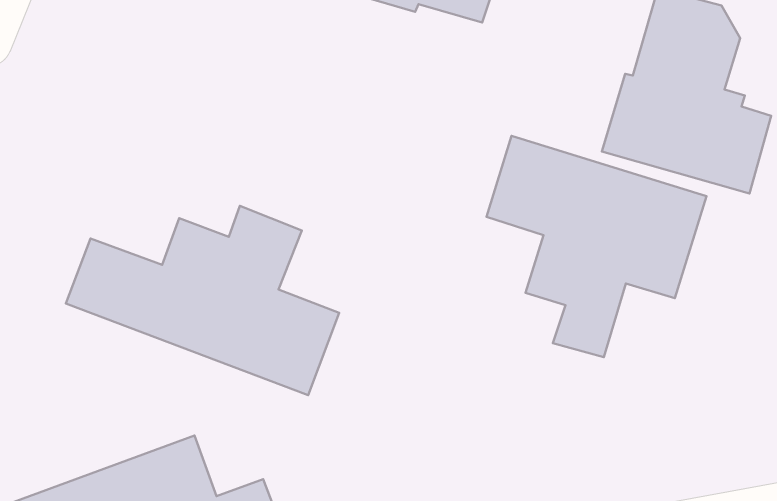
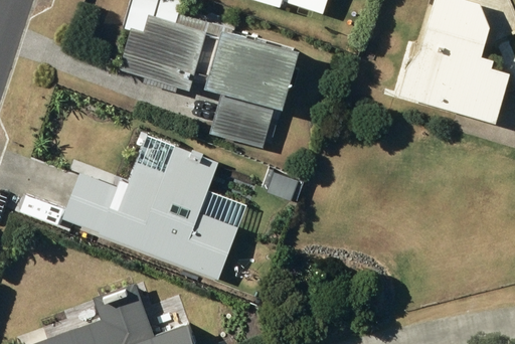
building: none -> [119,17,298,151]
building: [486,136,707,357] -> none

